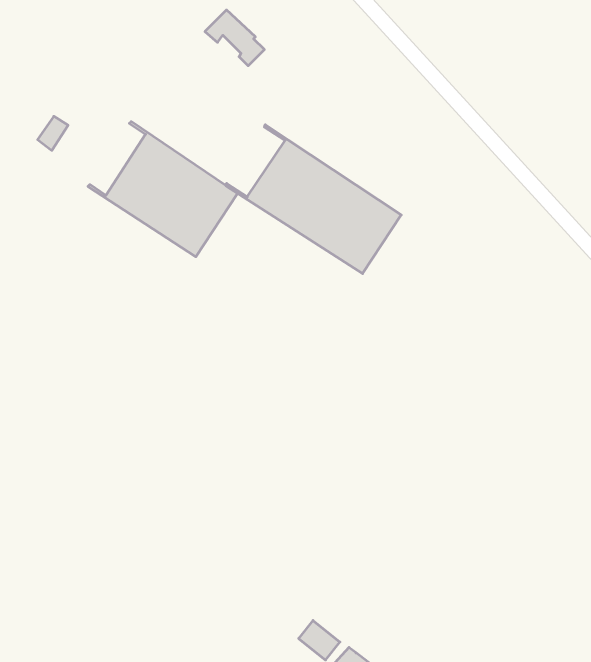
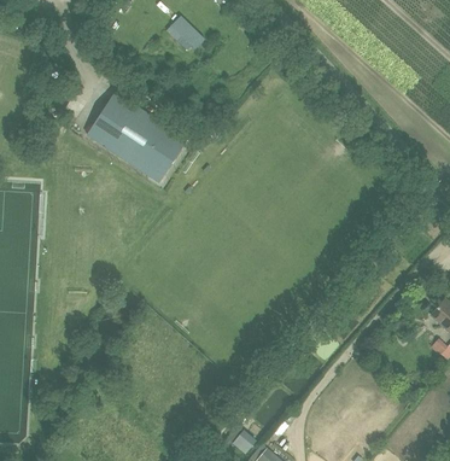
building: [226,125,401,274] -> none

